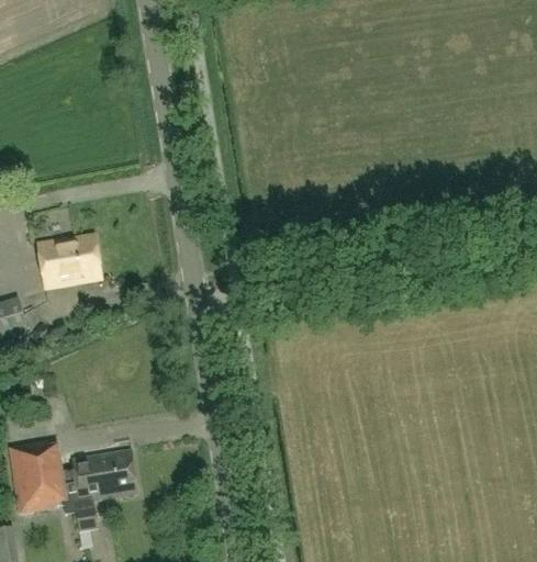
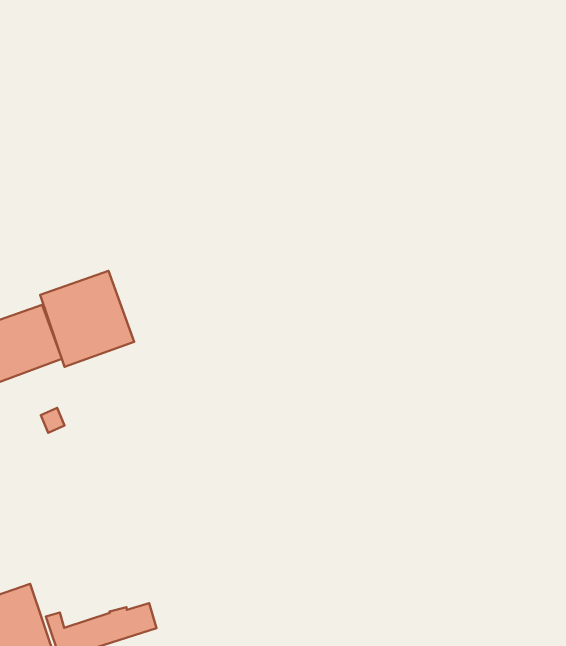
building: none -> [40,271,134,367]
building: [68,447,136,479] -> none

